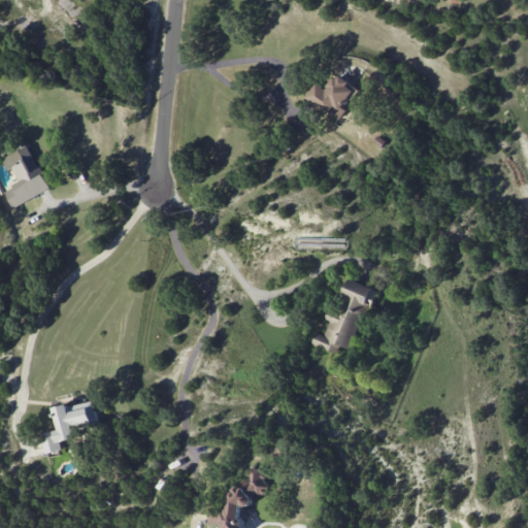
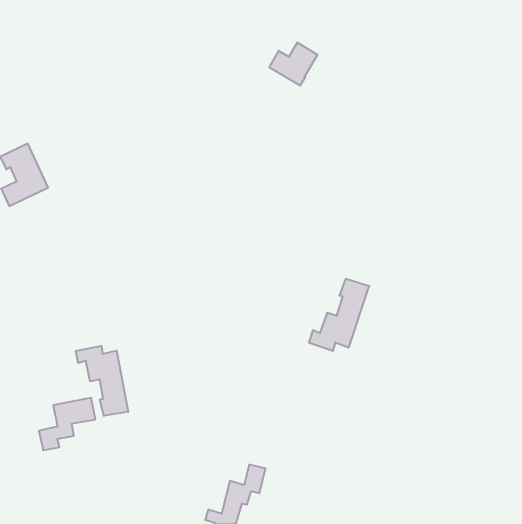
building: [306,74,355,118] -> [269,42,318,86]
building: none -> [76,346,128,416]

